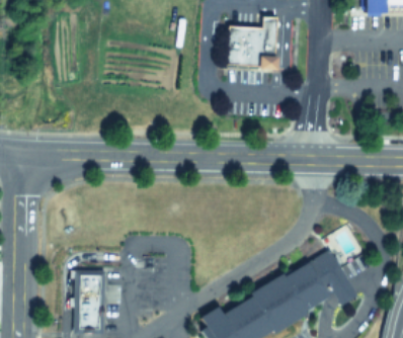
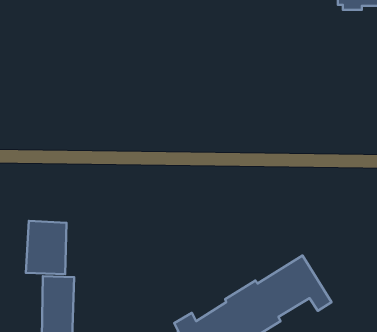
building: [226,16,276,69] -> none
building: none -> [26,221,67,274]

